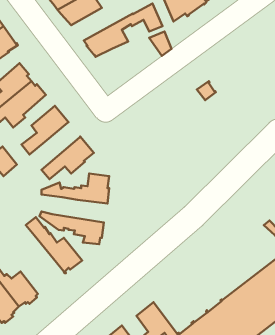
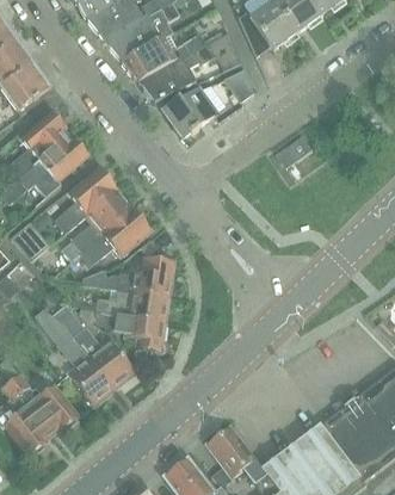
building: none -> [122,35,203,81]
building: none -> [165,91,215,136]
building: none -> [73,190,132,252]
building: none -> [97,287,169,321]
building: none -> [36,308,112,404]

